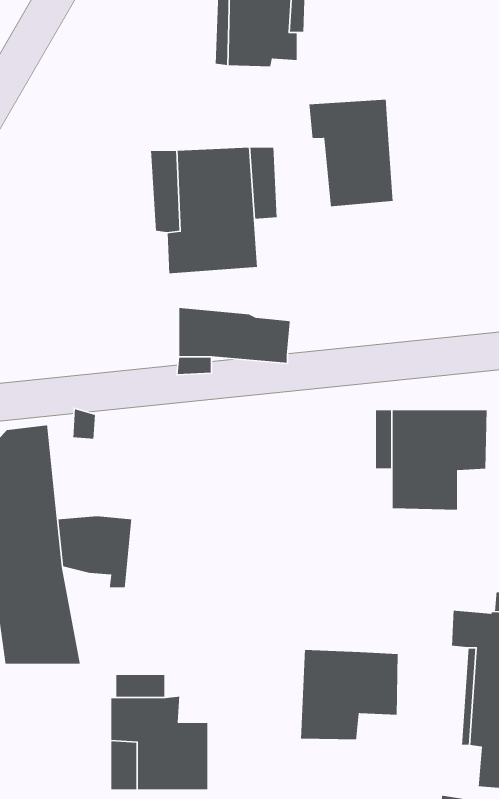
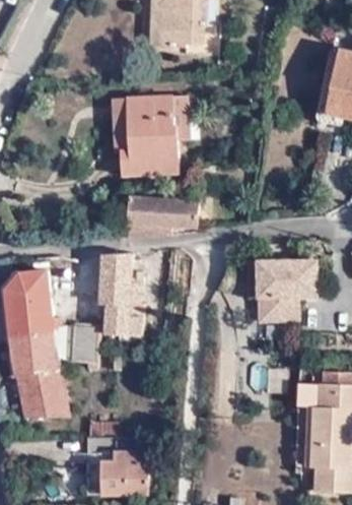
building: [309,99,393,207] -> none
building: none -> [99,251,141,335]
building: [300,649,399,740] -> none

